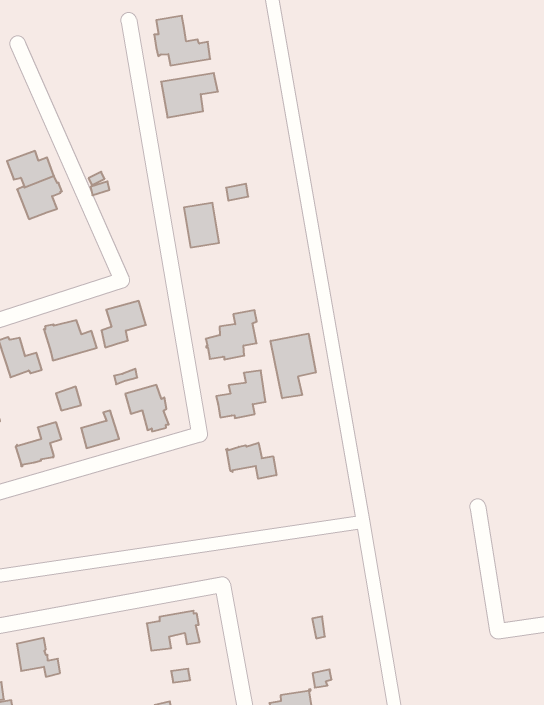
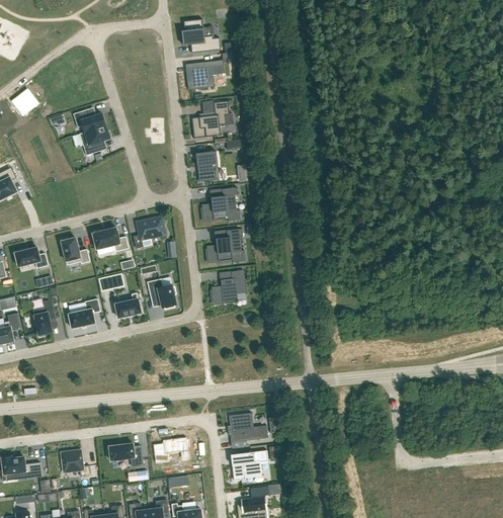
building: none -> [191,100,232,138]
building: none -> [200,187,237,220]
building: [271,334,316,398] -> none
building: [226,443,276,479] -> none
building: none -> [227,413,267,441]
building: none -> [232,449,267,480]
building: none -> [106,443,143,466]

